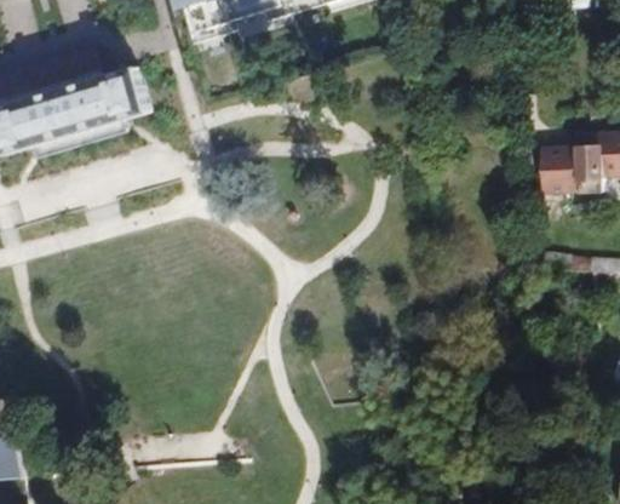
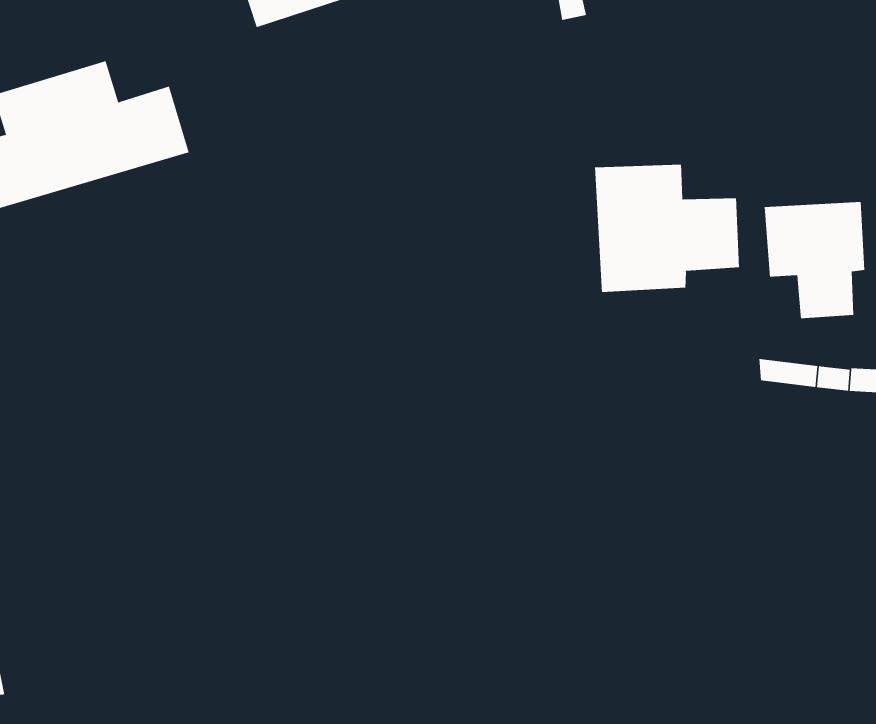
building: none -> [594,164,740,293]

